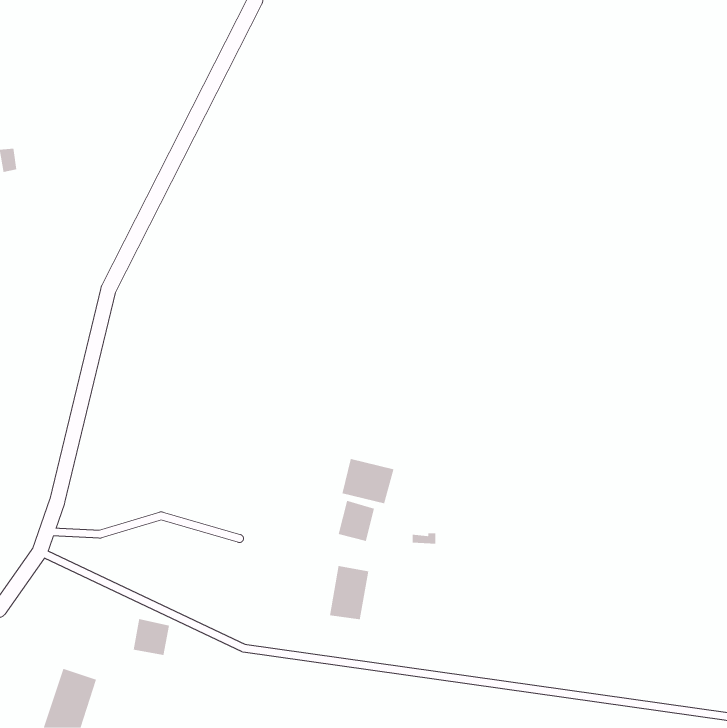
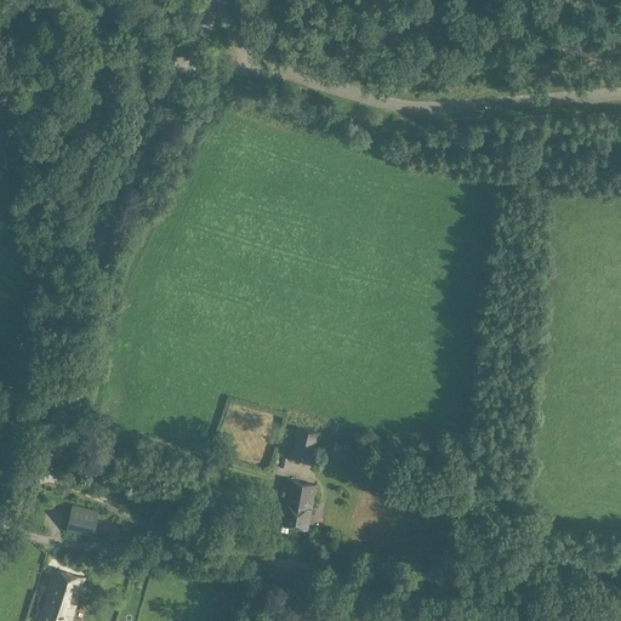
building: [342,458,394,504] -> none
building: [133,618,170,655] -> [65,505,97,536]

